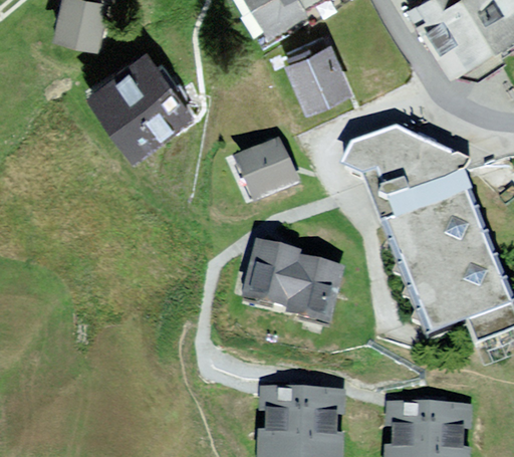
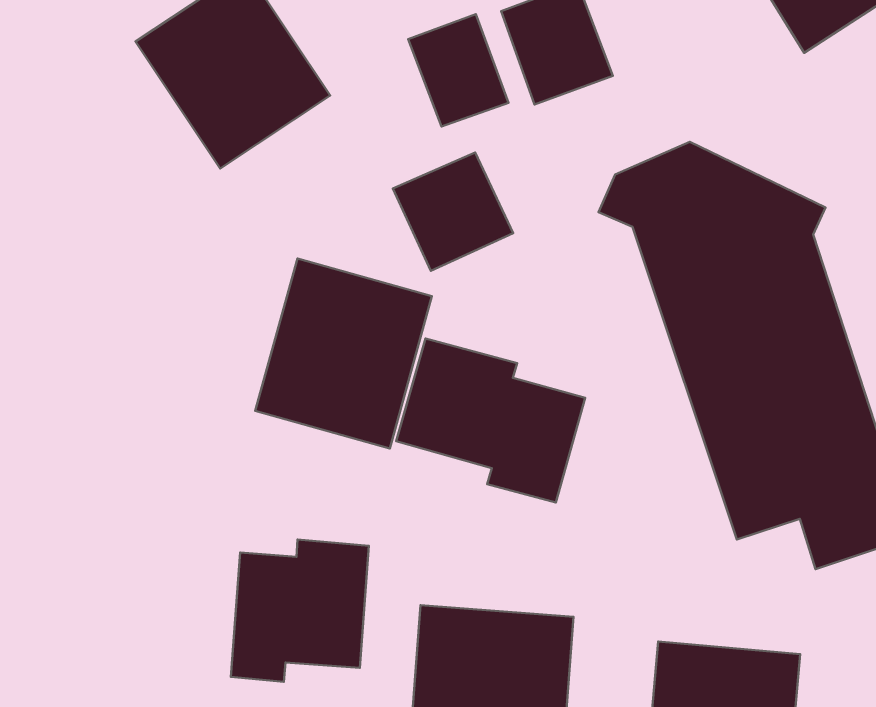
building: none -> [408,14,509,126]
building: none -> [255,259,432,449]
building: none -> [231,539,369,682]

